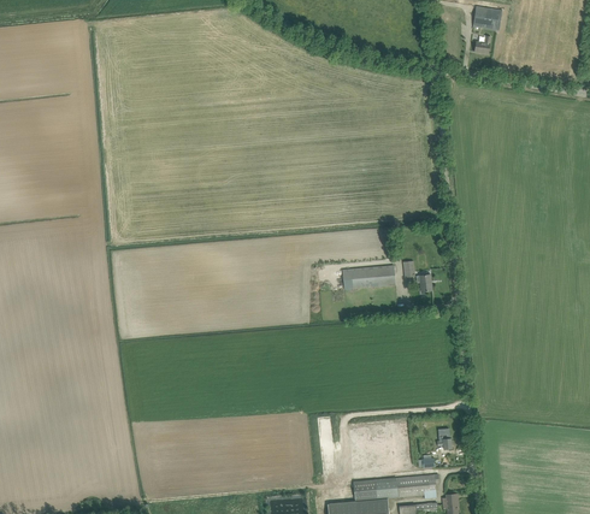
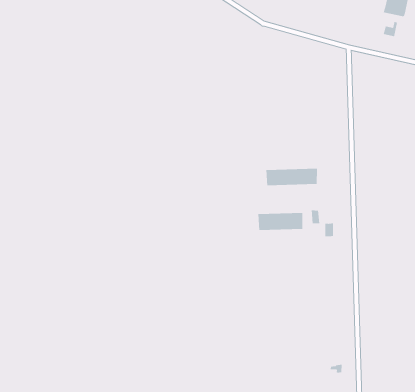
building: none -> [266,168,317,186]

